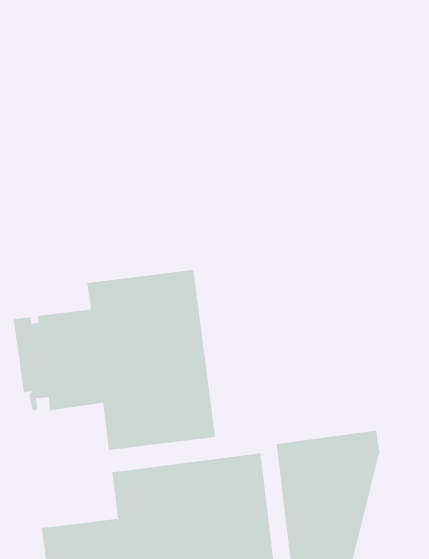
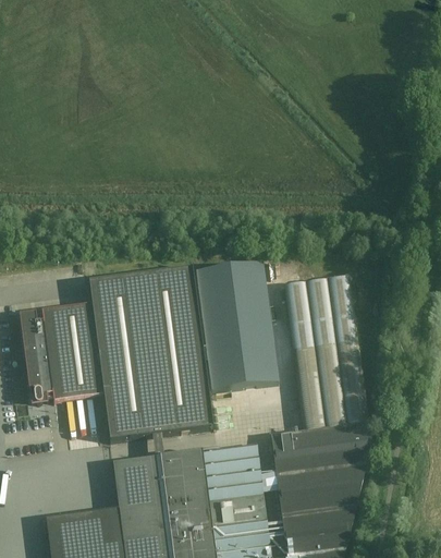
building: none -> [198,262,281,389]
building: none -> [284,277,368,429]

